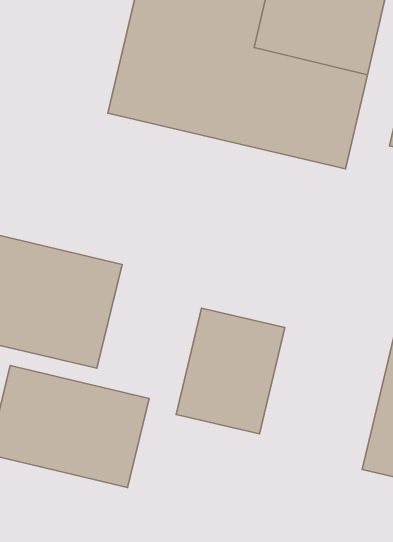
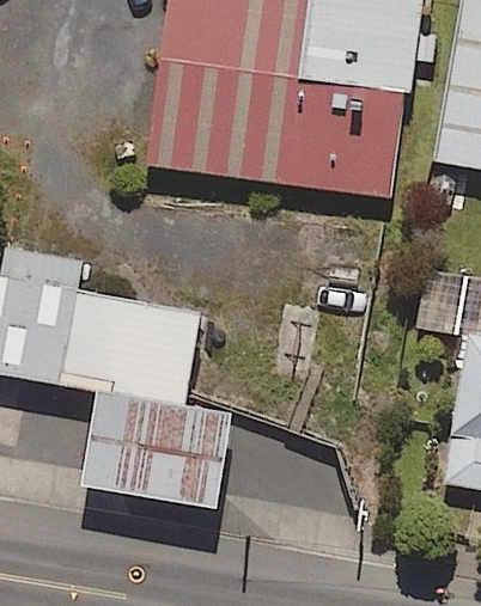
building: [176,308,285,434] -> none

